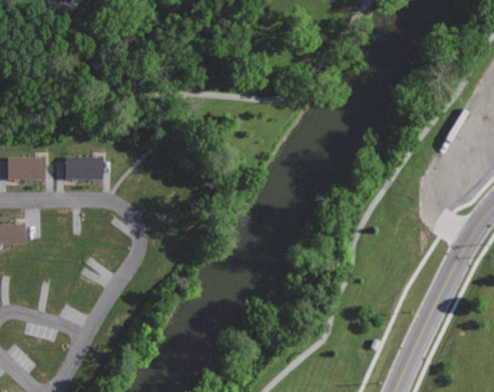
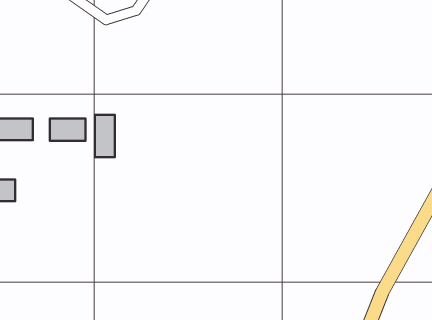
building: none -> [95,115,115,157]

